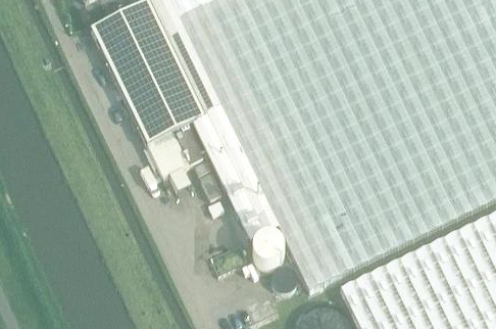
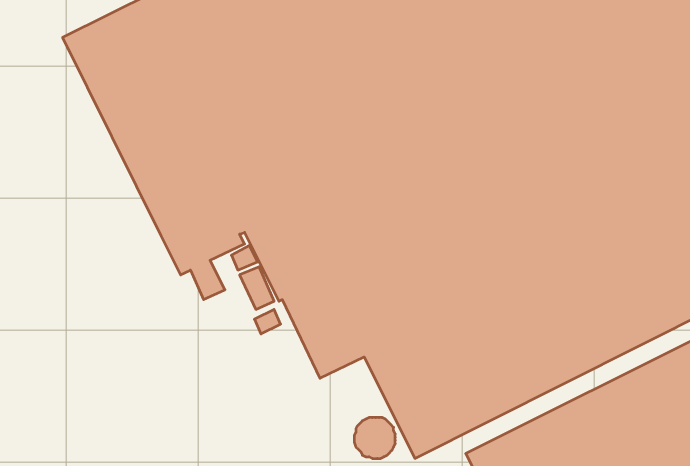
building: [254,236,286,268] -> none

